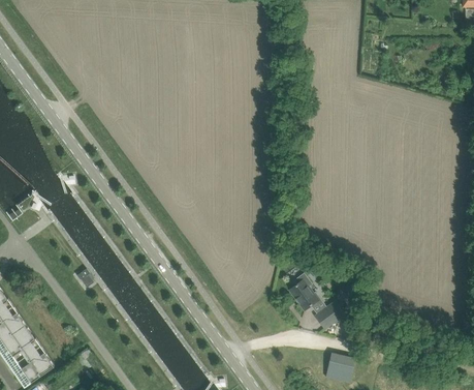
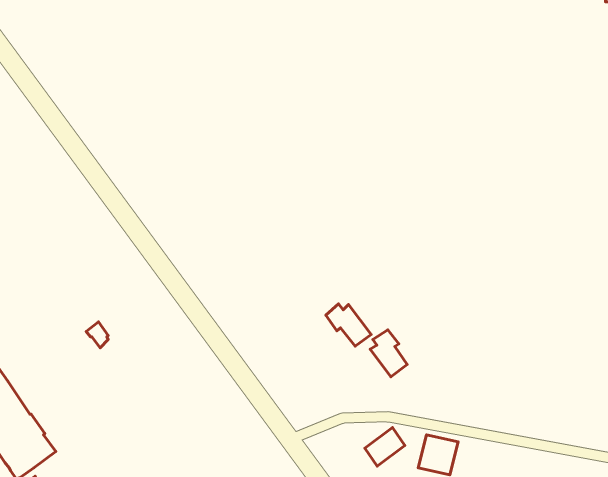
building: none -> [326,304,371,346]
building: [314,299,344,328] -> [365,427,405,466]

